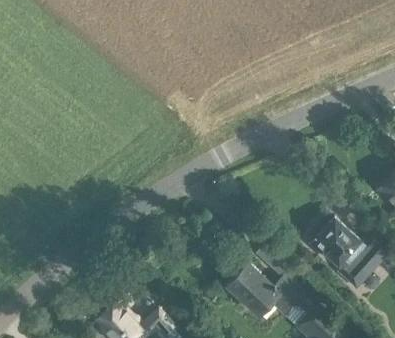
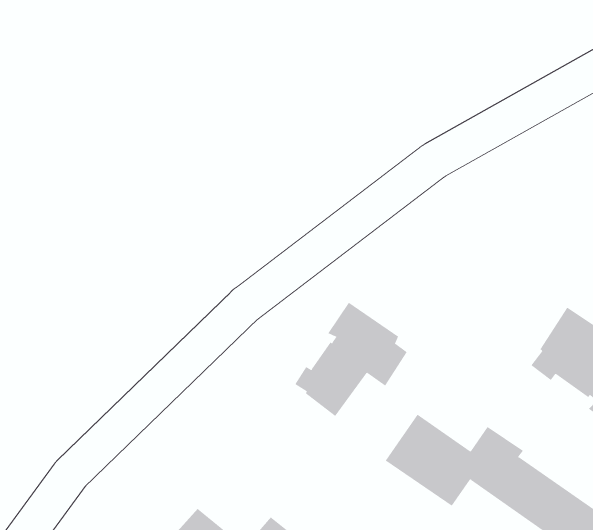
building: none -> [294,302,407,417]

